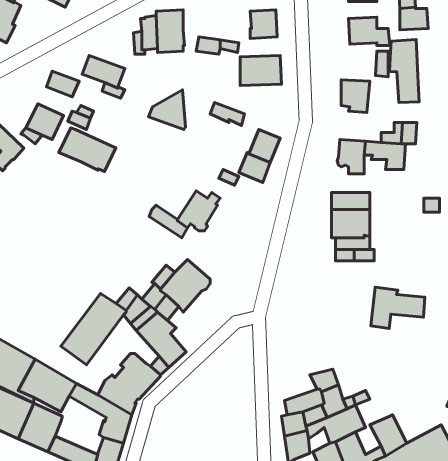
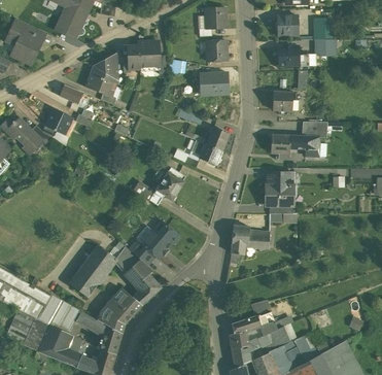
building: [390,40,419,102] -> none
building: [148,90,185,130] -> [91,54,117,82]
building: [59,128,116,172] -> none
building: [371,287,425,329] -> [231,225,270,254]

